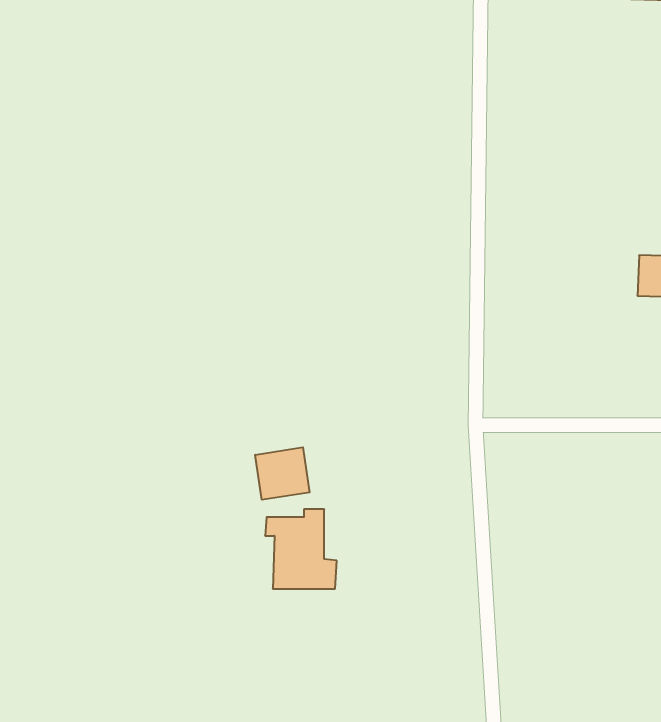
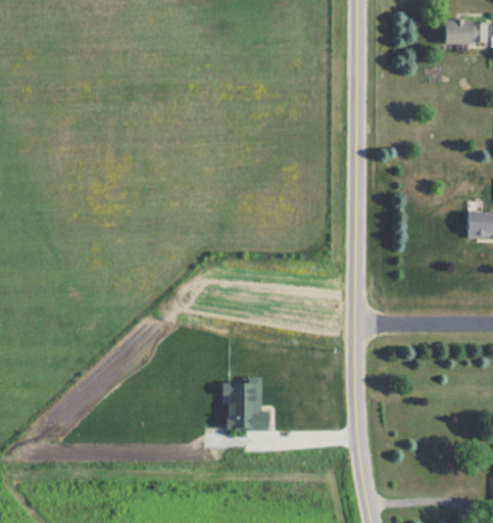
building: [255,447,310,500] -> none

